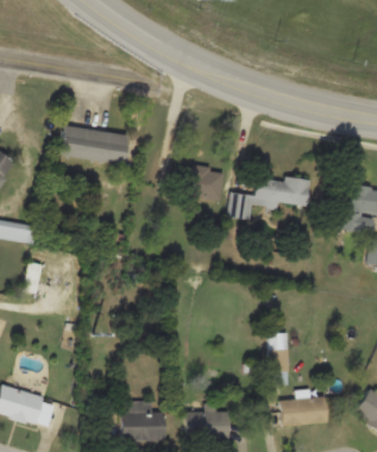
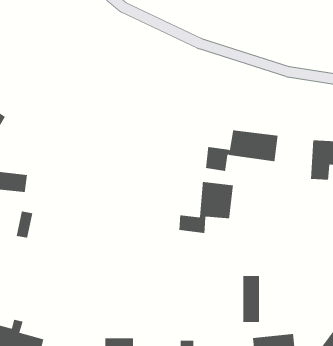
building: [58,125,128,164] -> none
building: [191,169,224,202] -> none
building: none -> [179,181,234,234]

